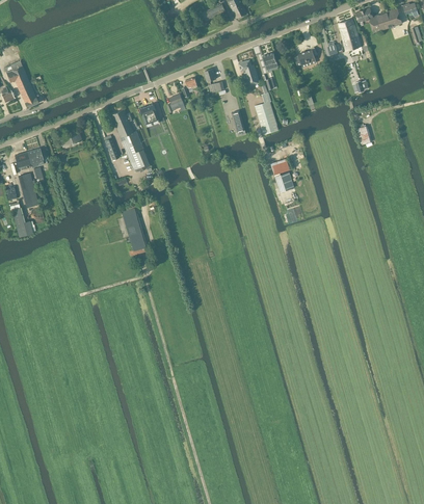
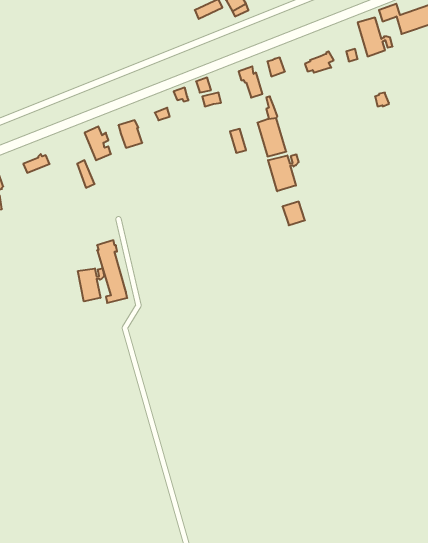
building: [120,131,149,169] -> none
building: none -> [268,154,299,191]
building: none -> [78,268,104,301]

